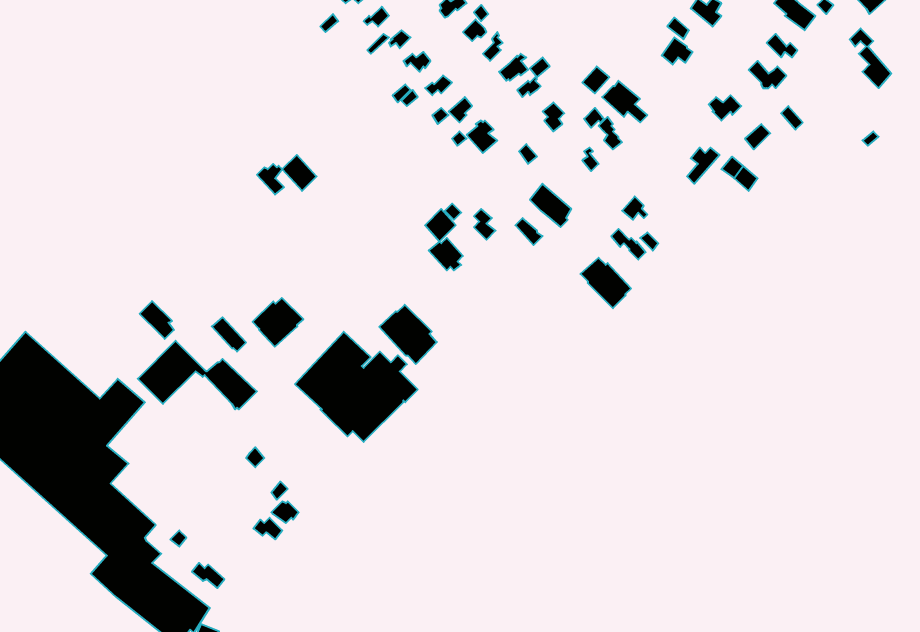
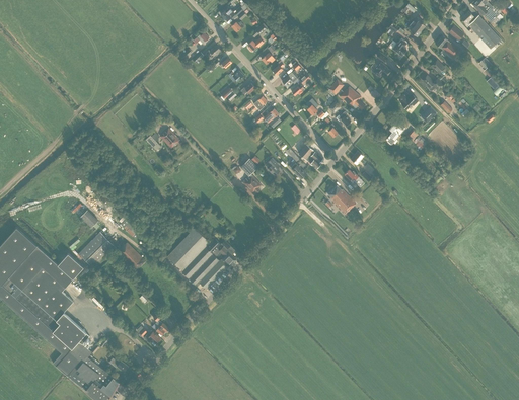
building: [253,298,303,347] -> none
building: [379,305,437,364] -> none

